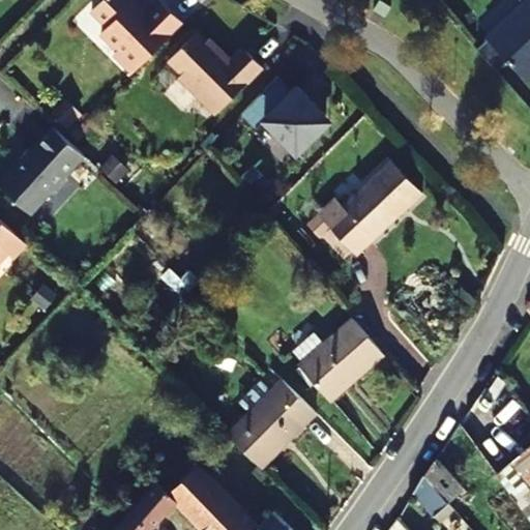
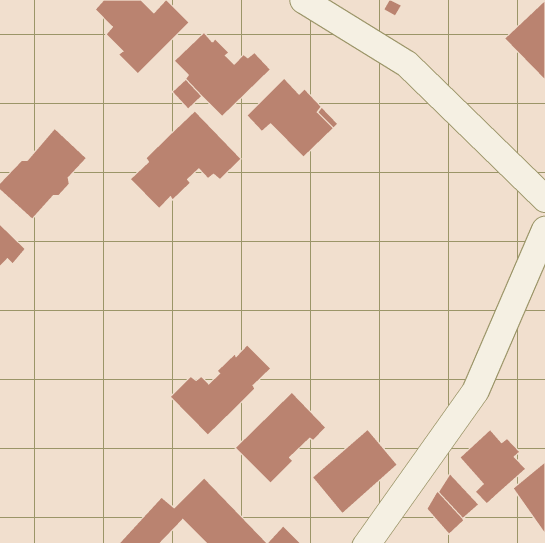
building: none -> [130,111,241,209]
building: [320,164,420,257] -> none
building: [298,321,381,403] -> [312,429,398,514]
building: none -> [170,345,271,435]
building: none -> [460,429,526,504]

